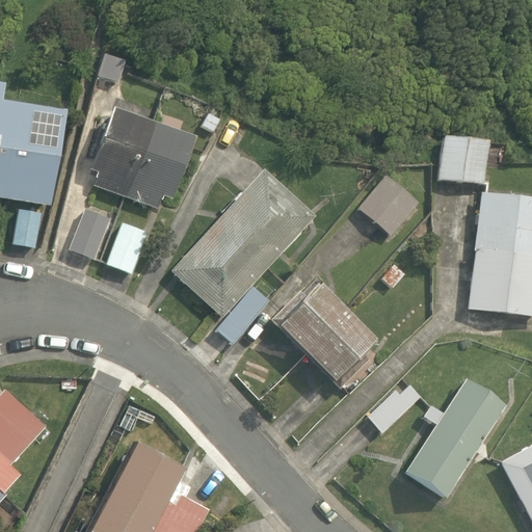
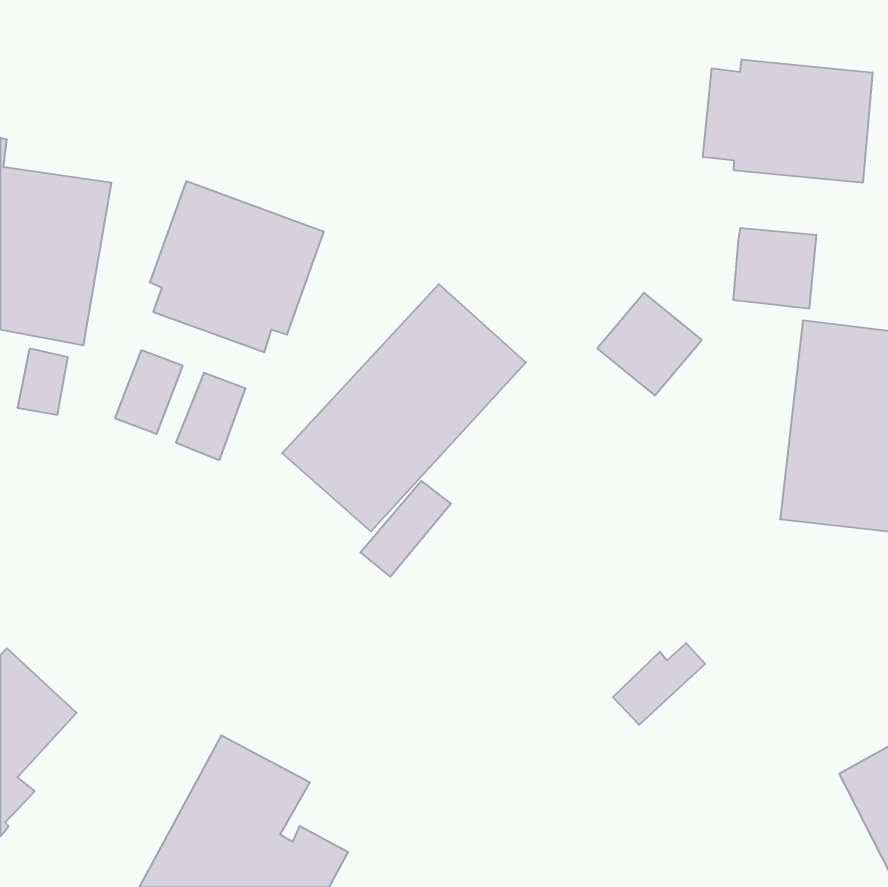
building: none -> [703,59,873,183]
building: [270,284,377,389] -> none
building: [405,379,506,497] -> none

